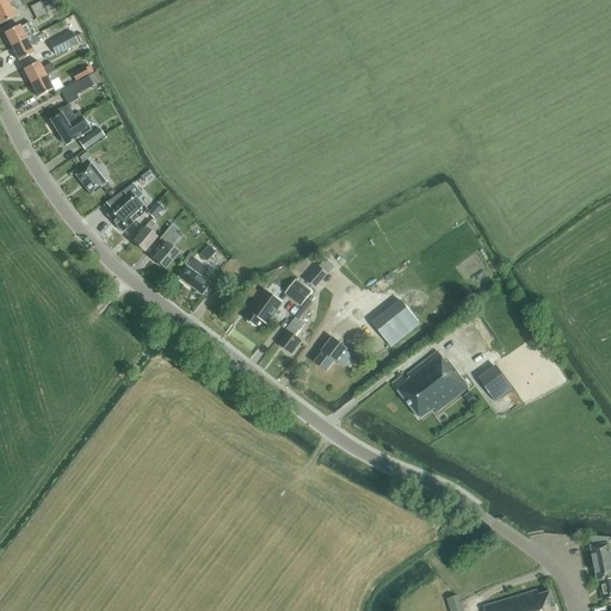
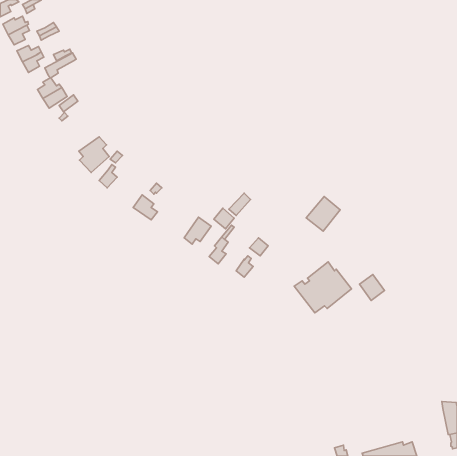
building: [75,162,110,195] -> none
building: [153,223,179,269] -> none
building: [372,300,418,346] -> [306,196,340,231]

